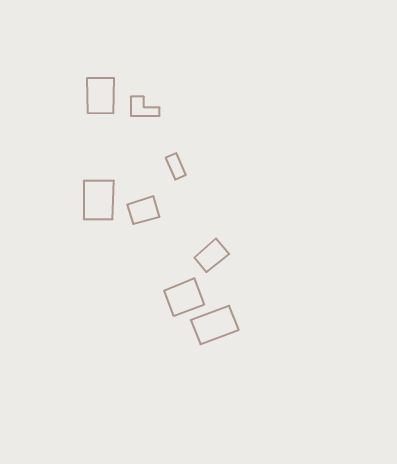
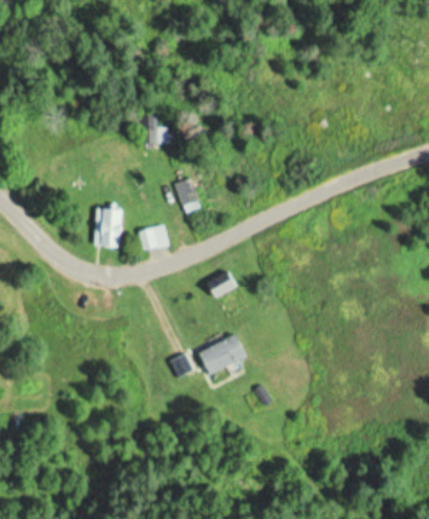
building: [87,78,114,113] -> none
building: [164,278,204,316] -> none

